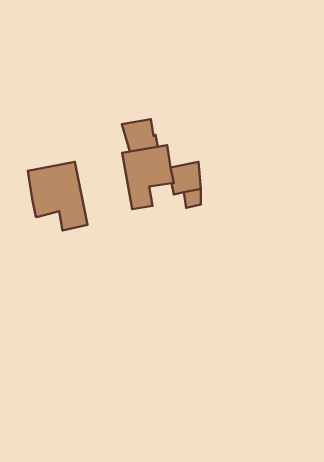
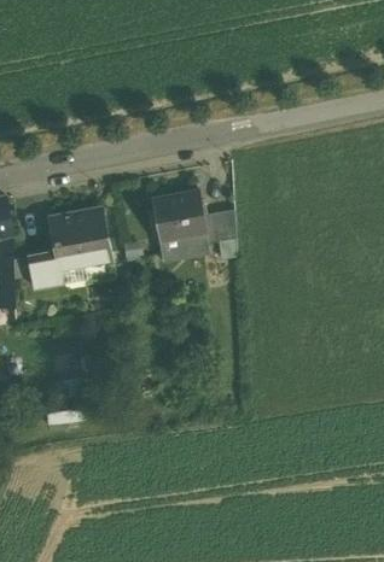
building: [122,119,158,151] -> none
building: none -> [28,248,63,287]

